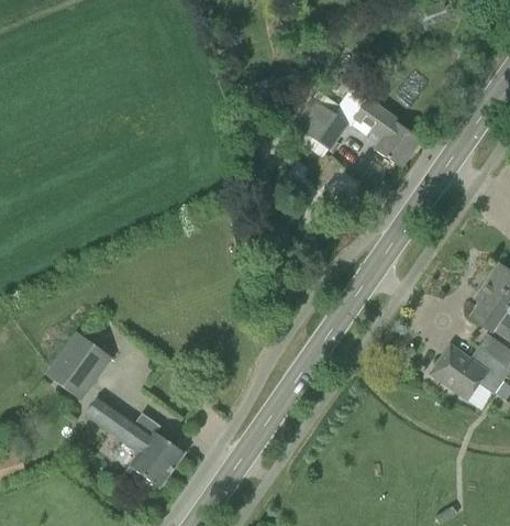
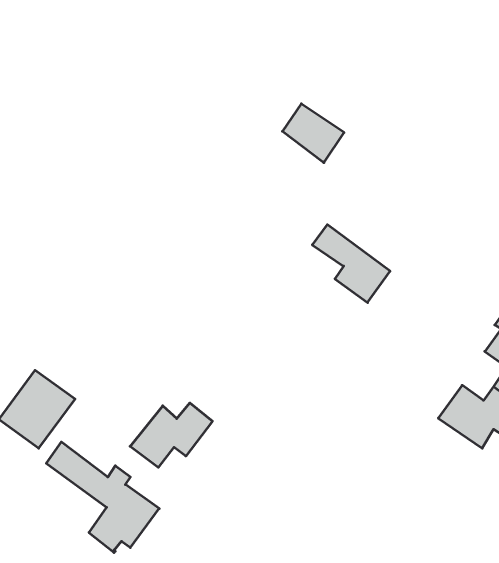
building: [353,99,421,167] -> [312,225,390,303]
building: none -> [130,403,212,467]

